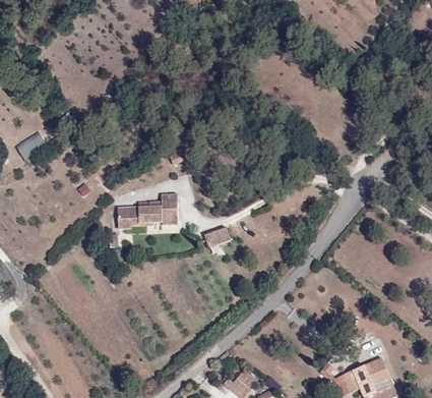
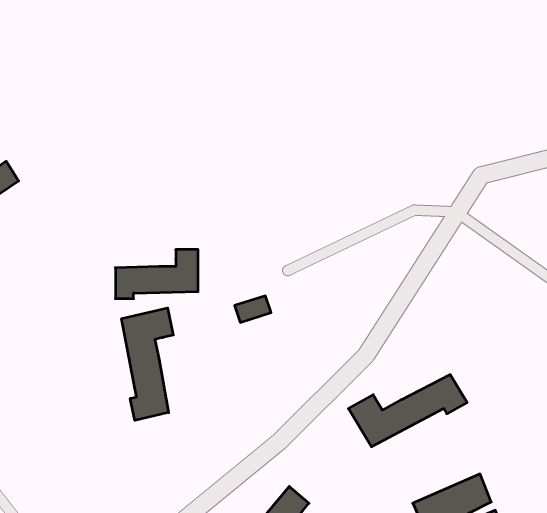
building: none -> [122,308,173,420]
building: none -> [348,375,467,447]

